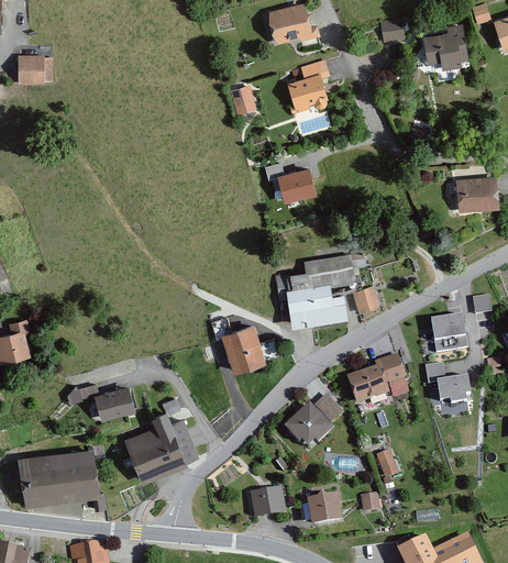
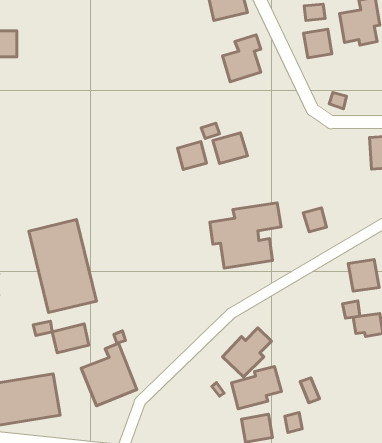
building: none -> [304,29,332,58]
building: [229,85,255,115] -> none
building: none -> [177,142,206,170]
building: none -> [29,220,96,313]
building: [352,285,378,312] -> [303,208,326,232]
building: [221,324,266,374] -> none
building: [349,355,406,404] -> [231,367,281,409]
building: [251,486,286,518] -> none

